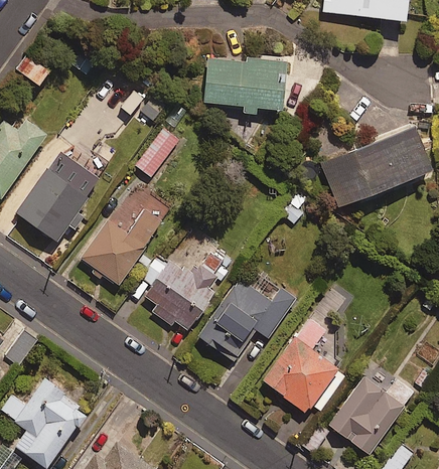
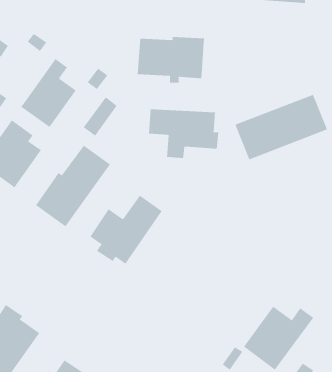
building: none -> [21,58,76,128]
building: none -> [148,108,219,159]
building: [199,280,297,361] -> none
building: [261,320,343,413] -> none

